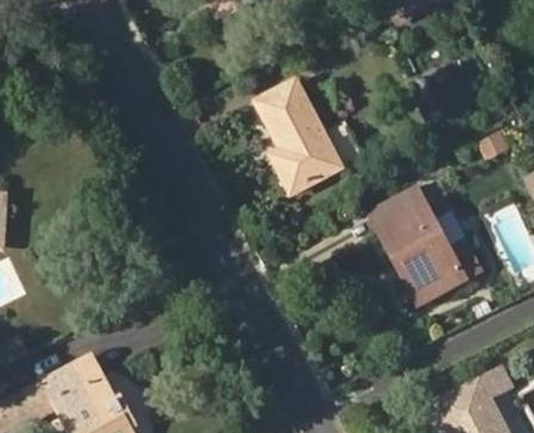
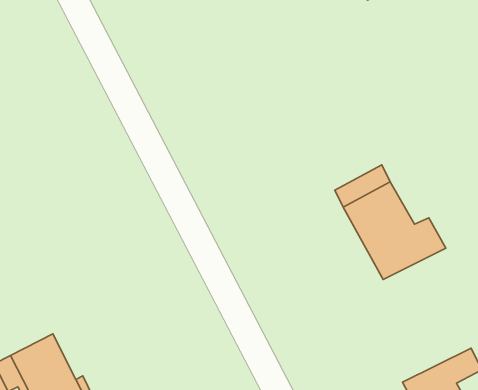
building: [259,83,363,195] -> none

